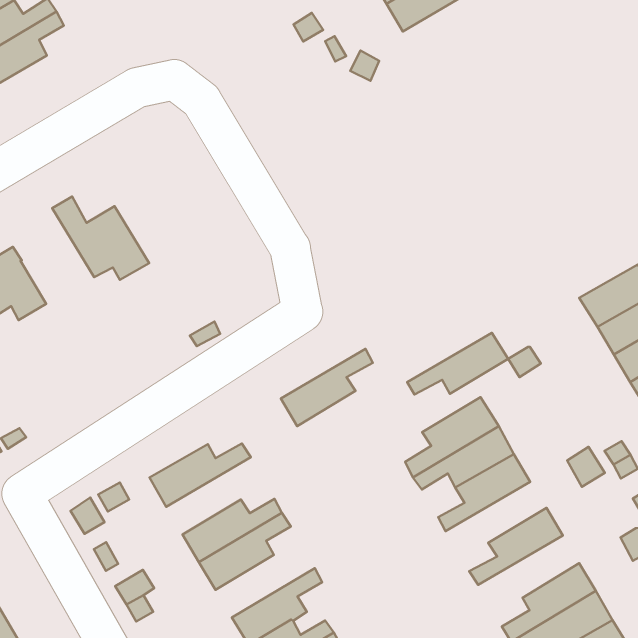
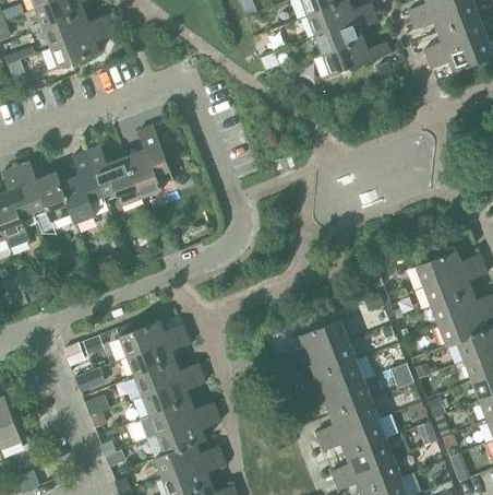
building: none -> [125,125,171,197]
building: none -> [59,151,105,222]
building: [407,333,508,395] -> [304,379,372,414]
building: [281,349,373,426] -> [127,333,190,376]
building: none -> [320,417,387,453]
building: none -> [140,399,216,438]

